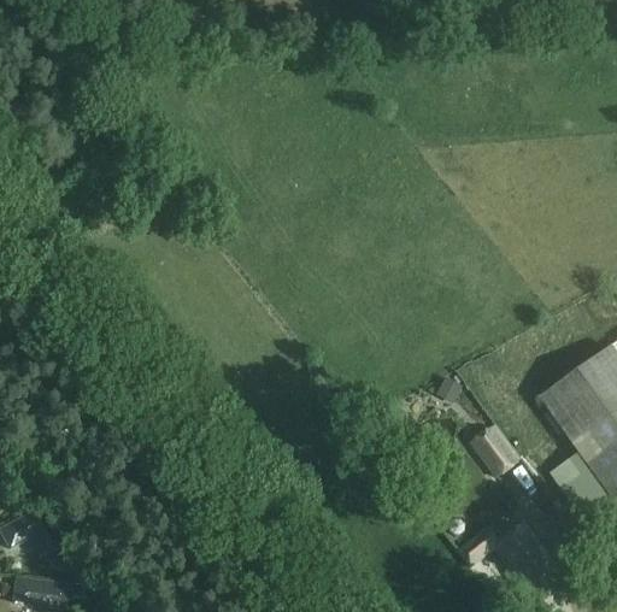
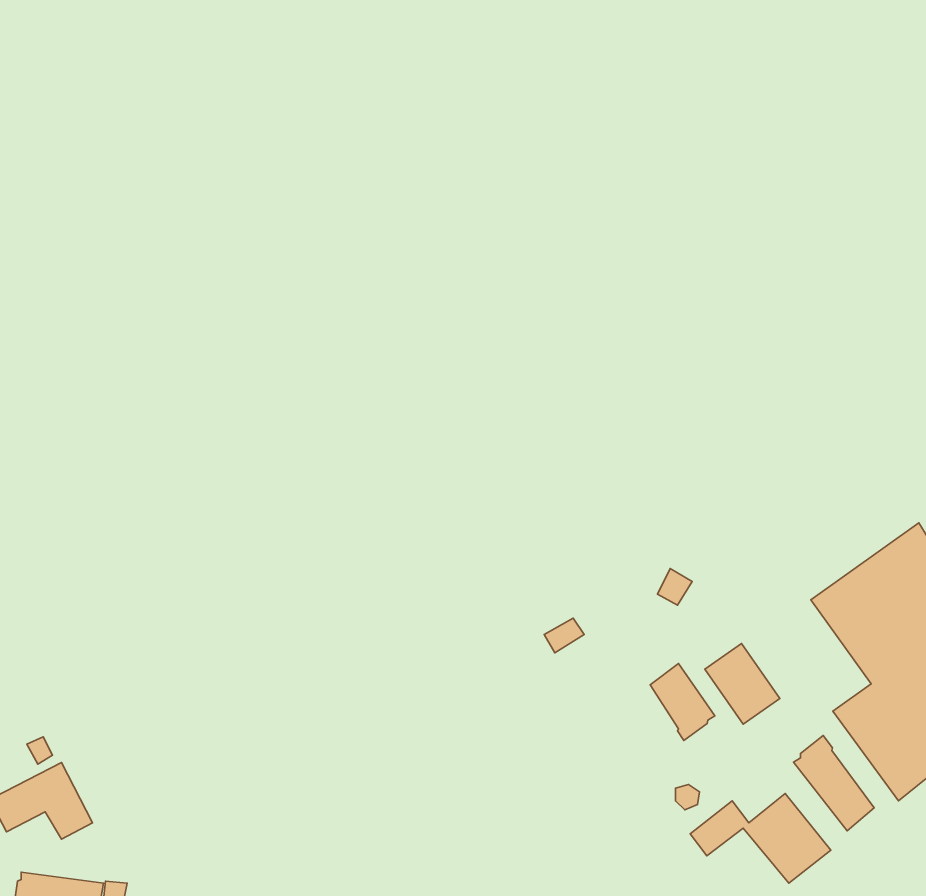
building: none -> [650,664,715,740]
building: none -> [794,735,874,831]

